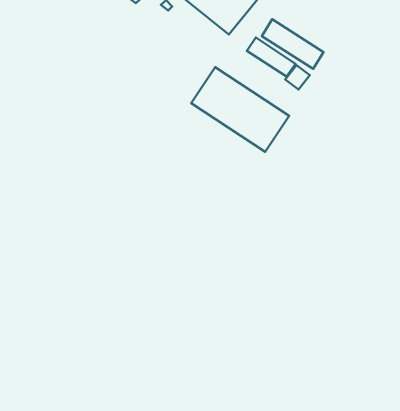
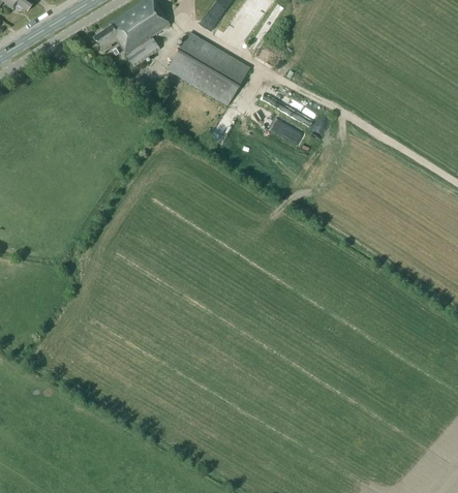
building: [191,67,289,152] -> none

